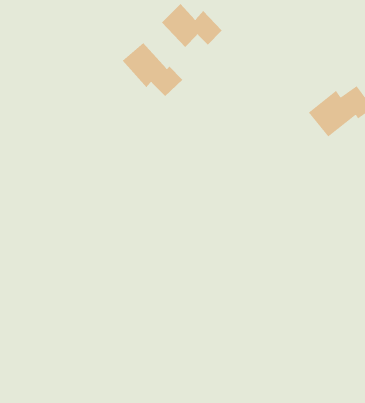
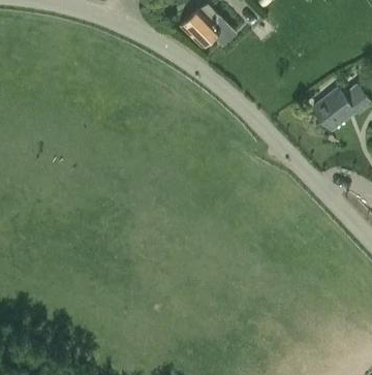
building: [122,42,183,97] -> none

